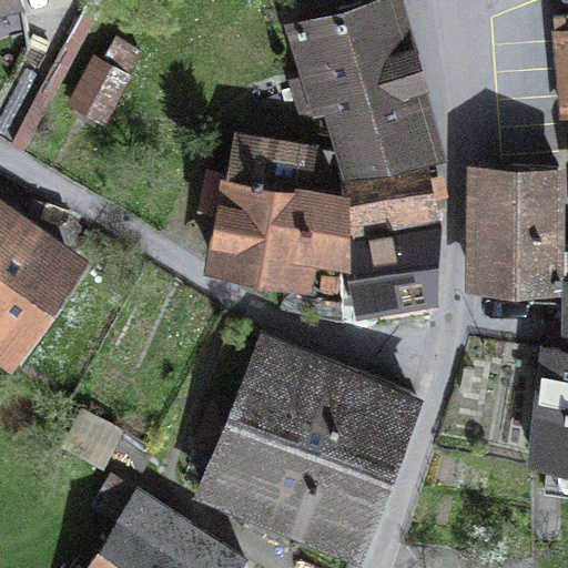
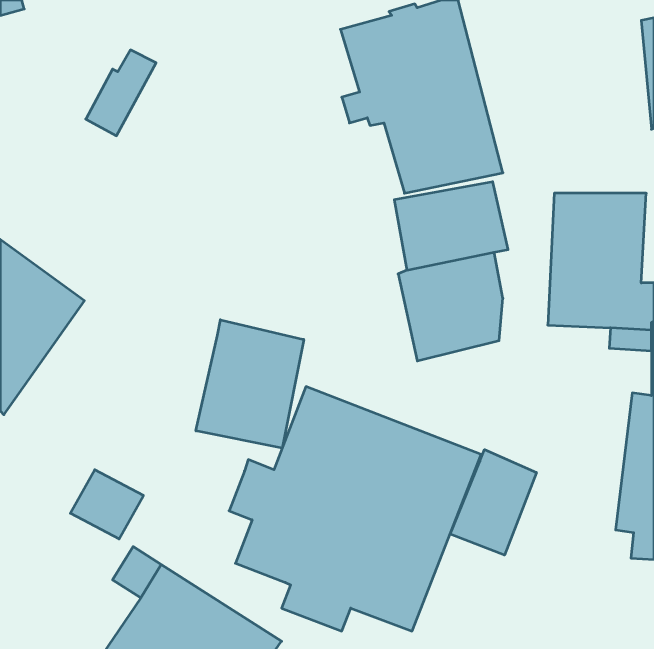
building: [206,136,344,285] -> none
building: none -> [196,320,304,448]
building: none -> [450,450,536,555]

